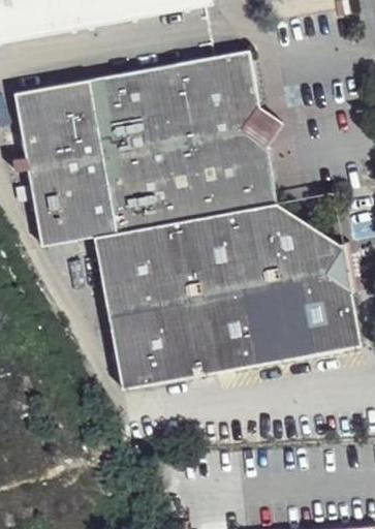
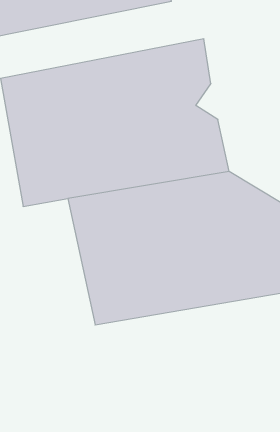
building: [242,101,283,144] -> none

